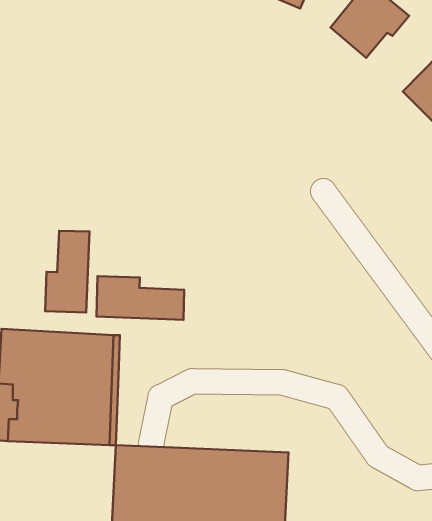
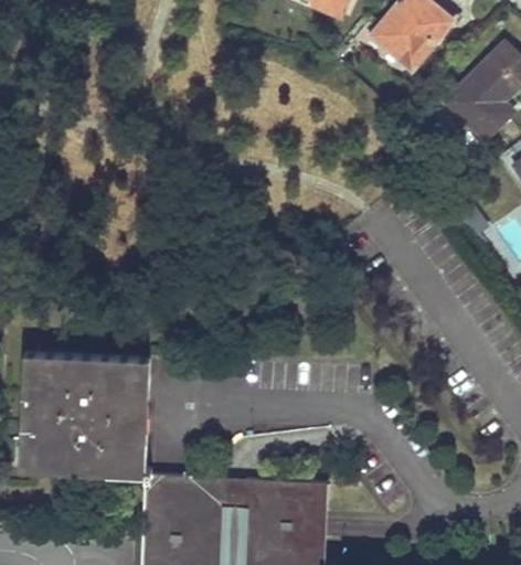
building: [45,231,89,312] -> none
building: [96,276,184,320] -> none

